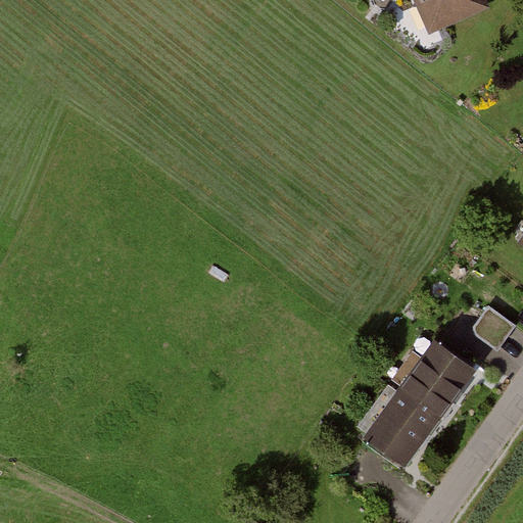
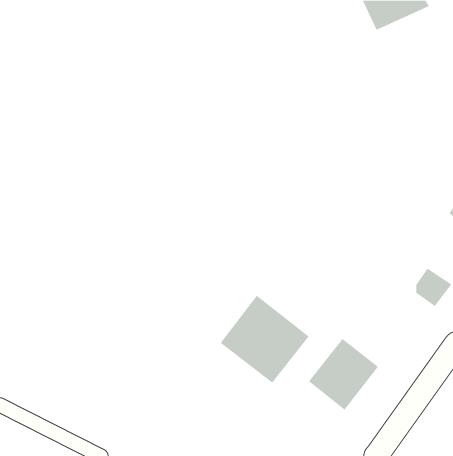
building: none -> [220,295,309,384]
building: [395,338,477,420] -> none

